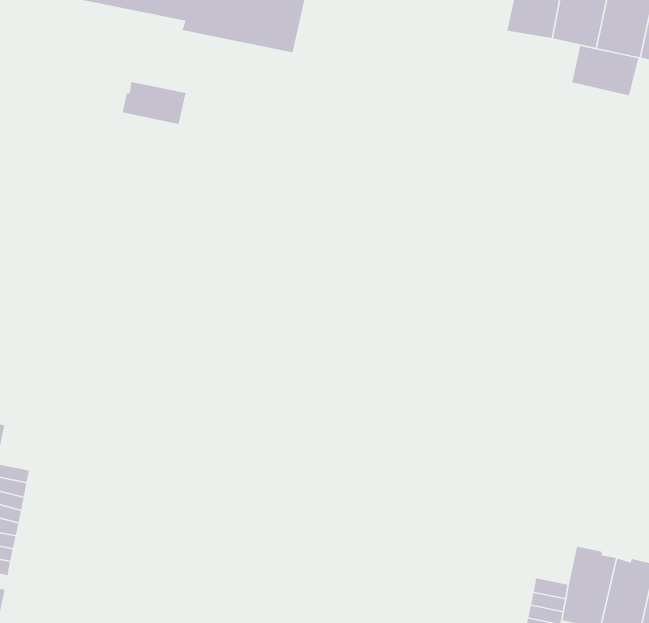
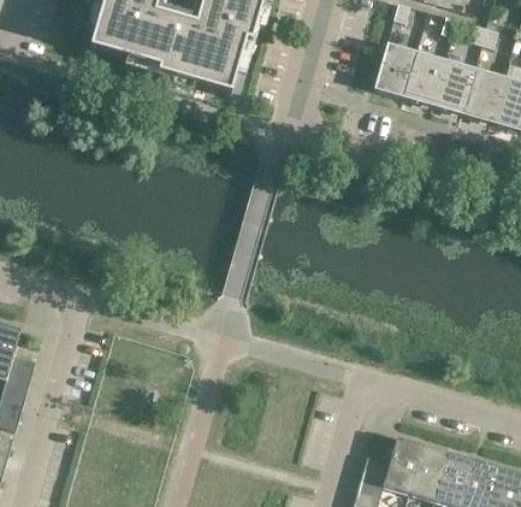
building: [572,45,639,96] -> none
building: [122,81,186,125] -> none

